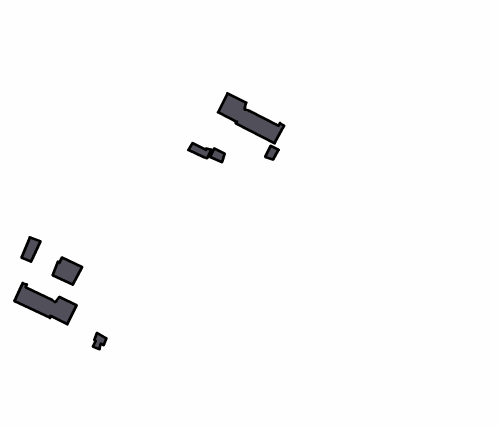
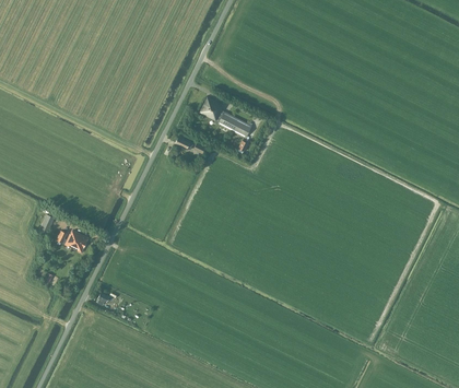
building: [15,283,76,324] -> none

